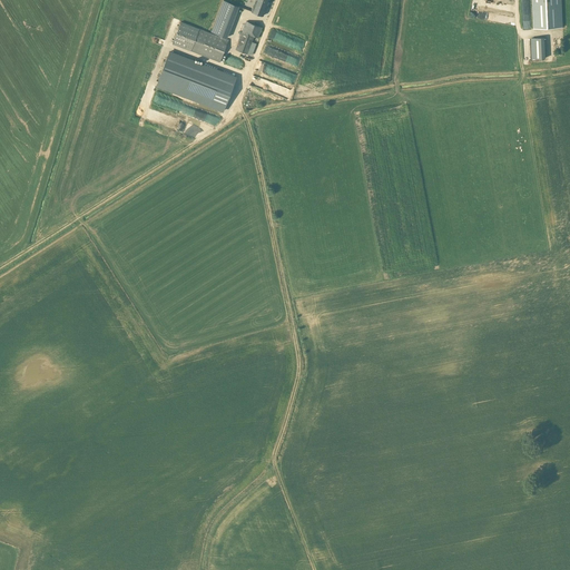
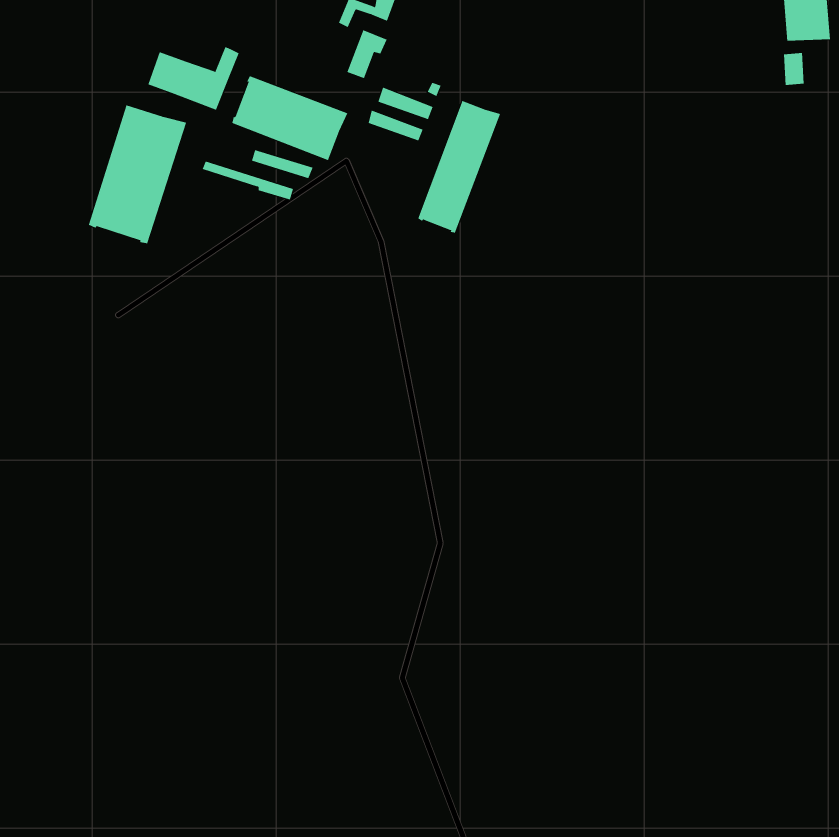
building: [173,18,235,61] -> [148,47,240,111]
building: none -> [418,100,501,234]
building: none -> [88,105,187,244]

